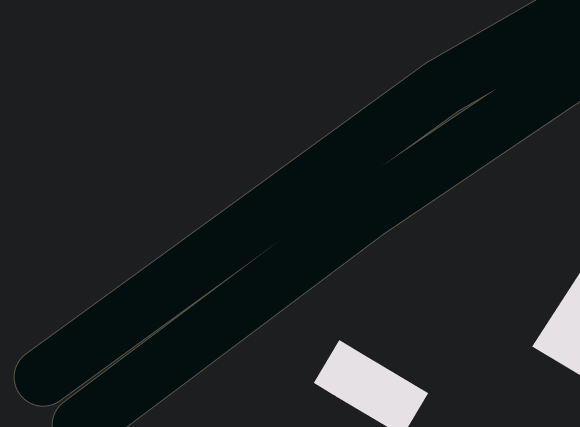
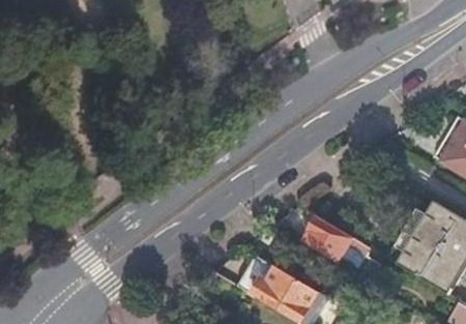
building: none -> [307,216,374,274]

